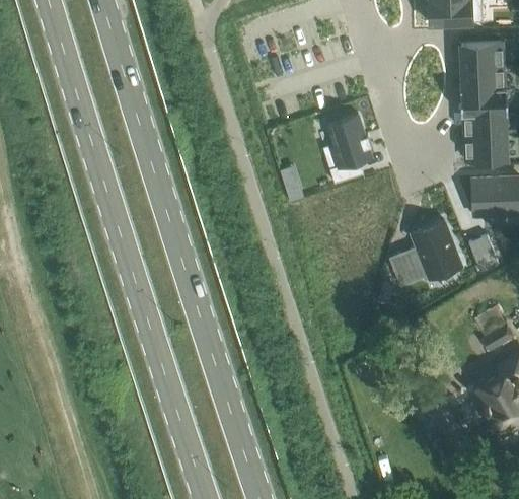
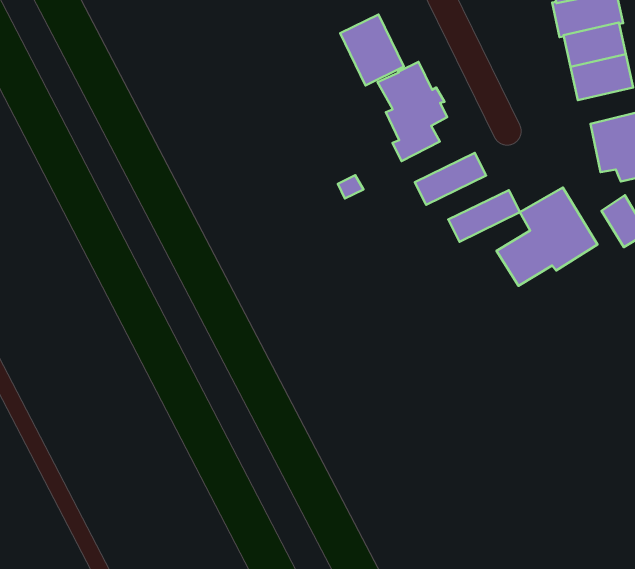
building: none -> [340,14,404,86]
building: none -> [415,153,486,205]
building: none -> [448,190,520,242]

